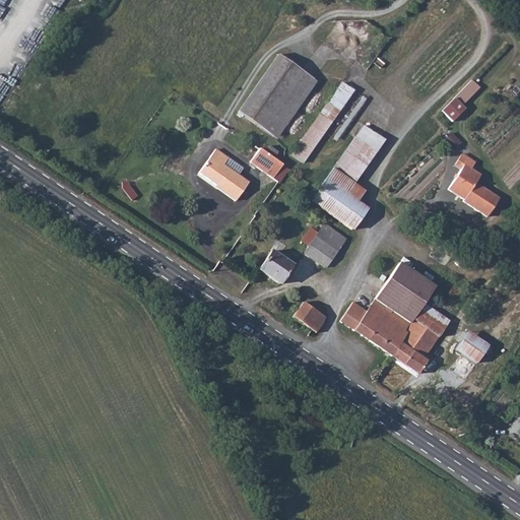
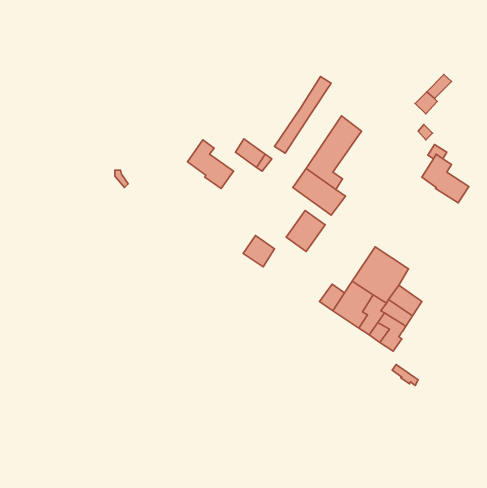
building: [240,54,315,136] -> none
building: [295,302,327,332] -> none
building: [457,331,490,363] -> none

